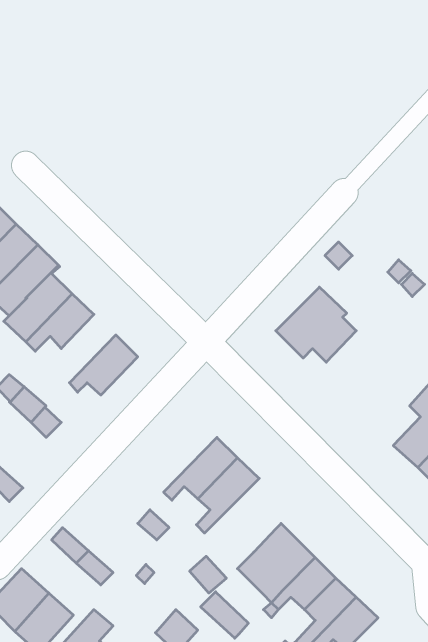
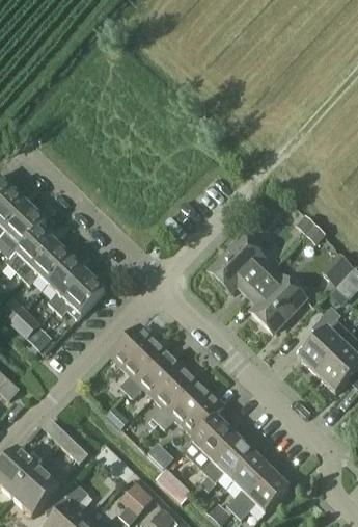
building: none -> [48,256,90,308]
building: none -> [250,268,307,330]
building: none -> [110,323,167,391]
building: none -> [158,380,225,437]

